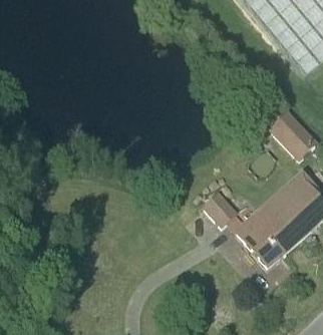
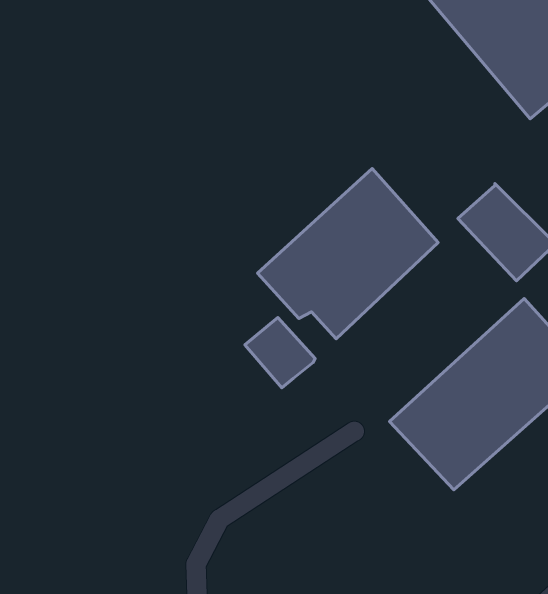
building: none -> [257,168,438,339]
building: [202,191,238,227] -> [245,318,315,388]

